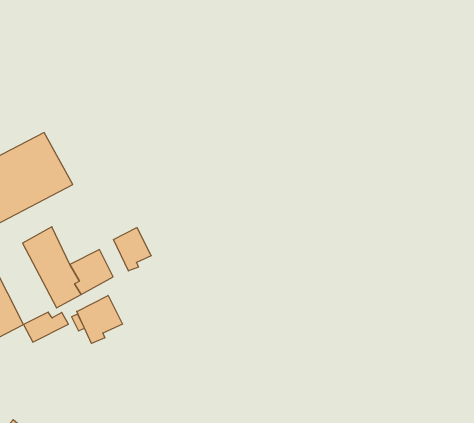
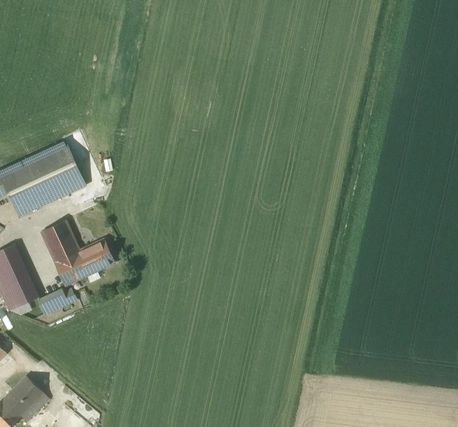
building: [114,228,151,271] -> none
building: [77,295,123,343] -> none

